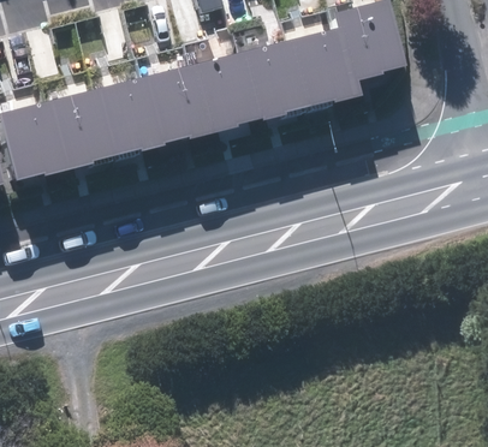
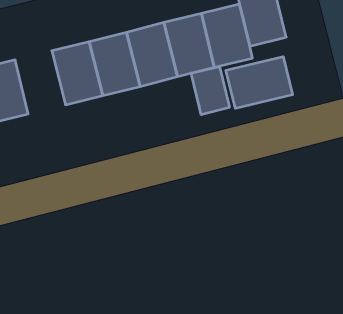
building: [44,87,111,169] -> none
building: none -> [226,57,293,108]
building: none -> [191,66,229,115]

